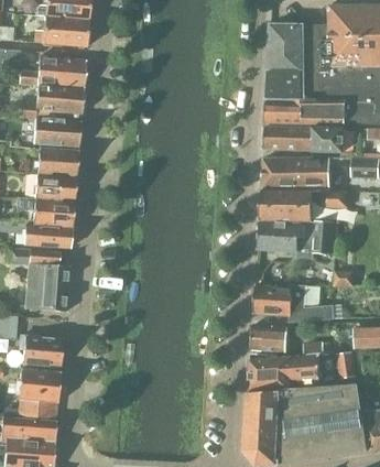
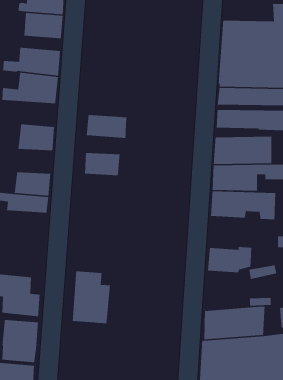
building: [33,118,80,146] -> [86,114,127,139]
building: [35,173,77,200] -> [84,152,121,176]
building: [24,249,69,311] -> [72,271,111,324]
building: [251,325,289,352] -> none

